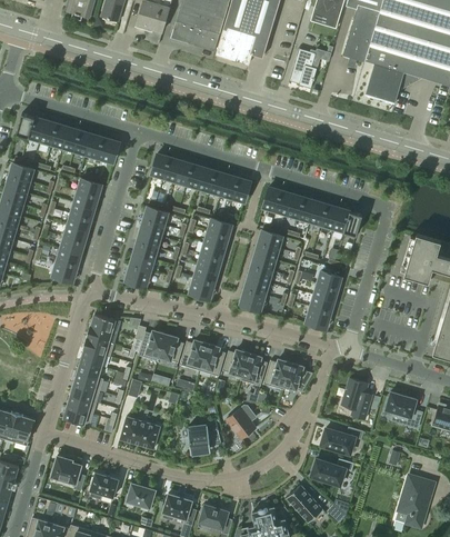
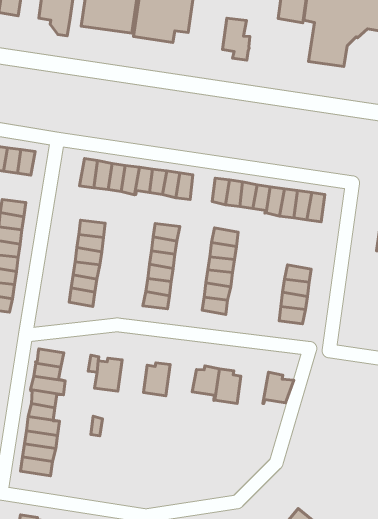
building: [158,334,183,362] -> none
building: [199,344,226,376] -> none
building: [263,359,291,389] -> none
building: [341,378,372,419] -> none
building: [226,405,256,439] -> none
building: [120,417,160,449] -> none
building: [188,425,221,454] -> none
building: [321,427,363,454] -> none
building: [311,458,353,486] -> none

